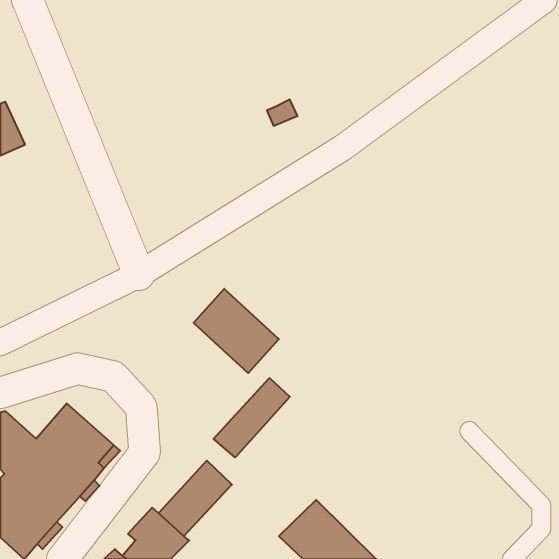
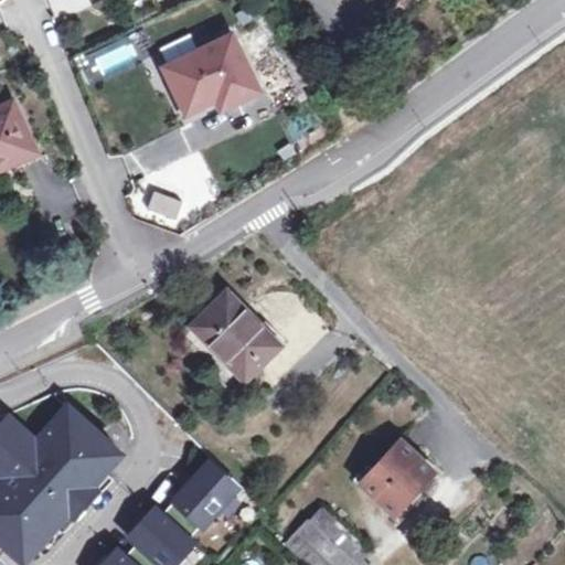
building: none -> [164,39,257,114]
building: [214,378,290,457] -> none
building: none -> [360,440,435,514]

